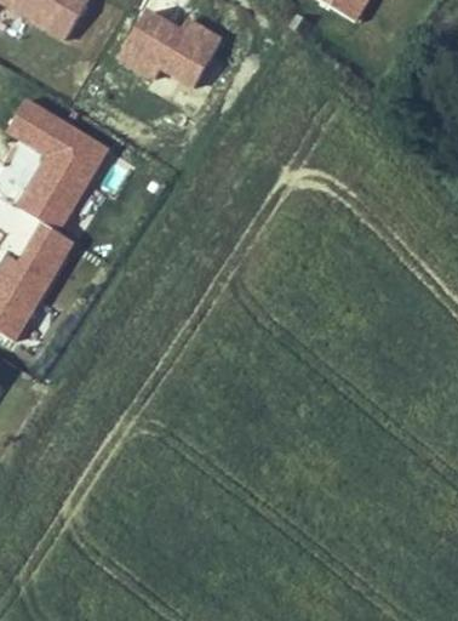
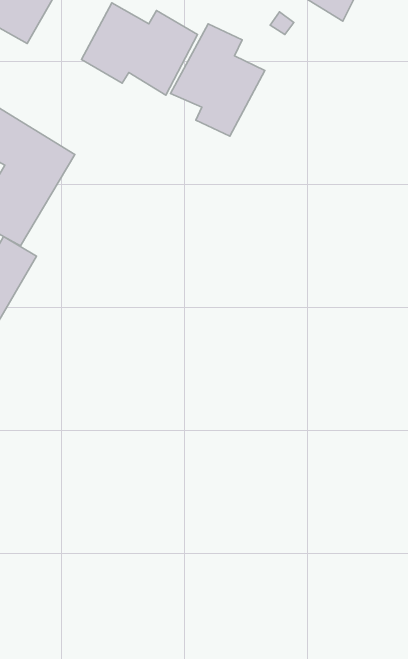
building: none -> [170,24,265,136]

